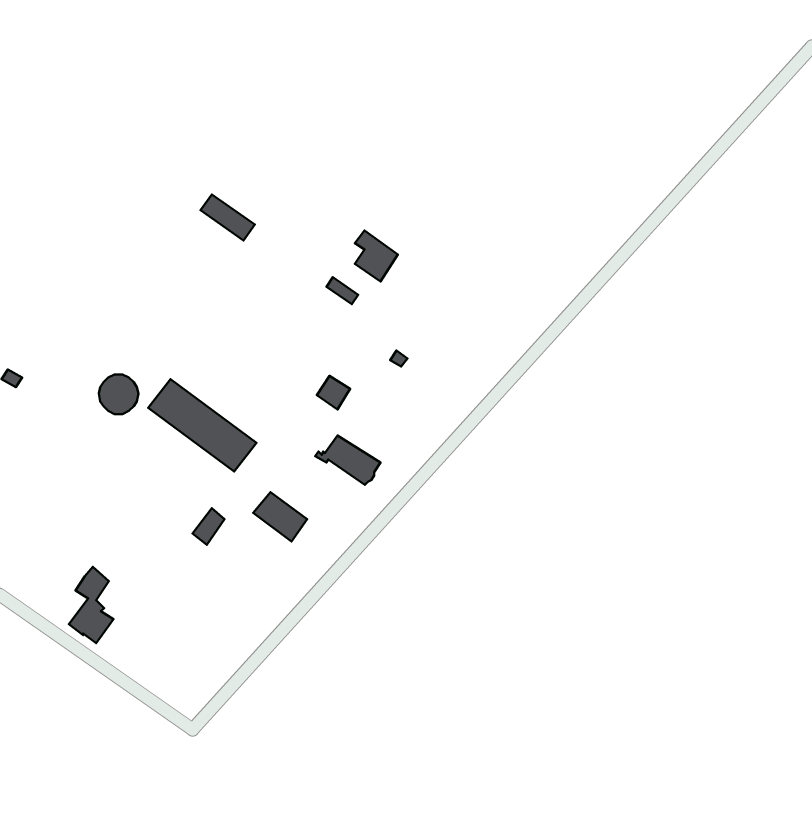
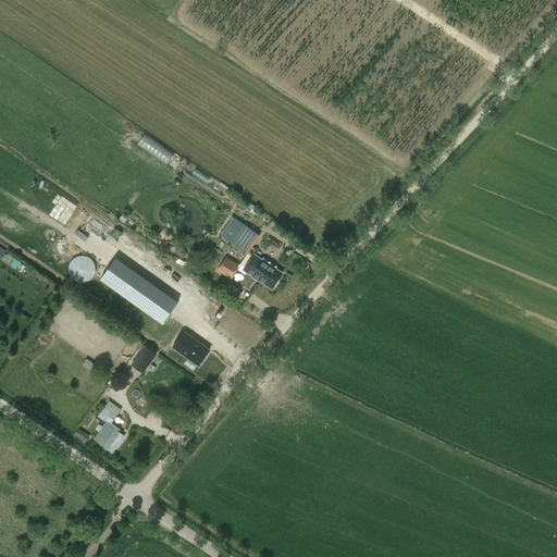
building: [355,230,398,281] -> [226,216,256,251]
building: [315,436,381,485] -> [237,255,282,288]
building: [69,567,114,643] -> [92,400,123,453]

